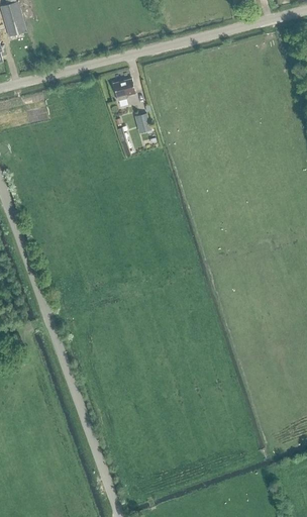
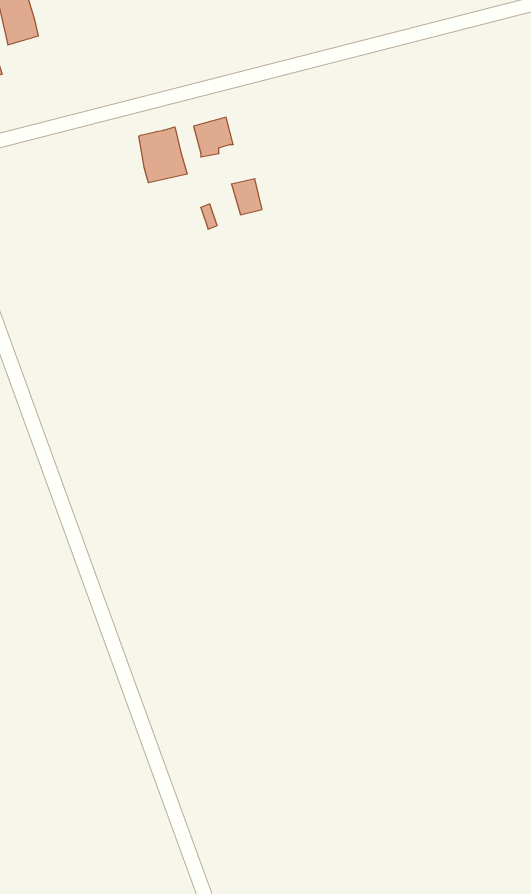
building: none -> [139,127,187,183]

